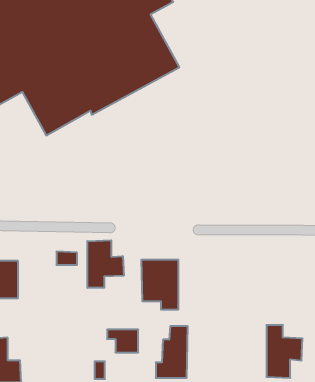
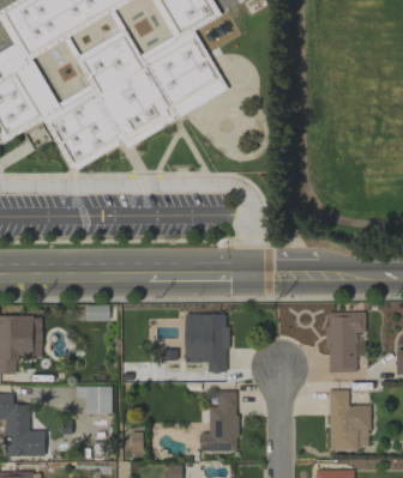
building: [87,240,124,288] -> none
building: none -> [326,311,365,373]
building: [107,330,138,352] -> [76,386,112,412]

